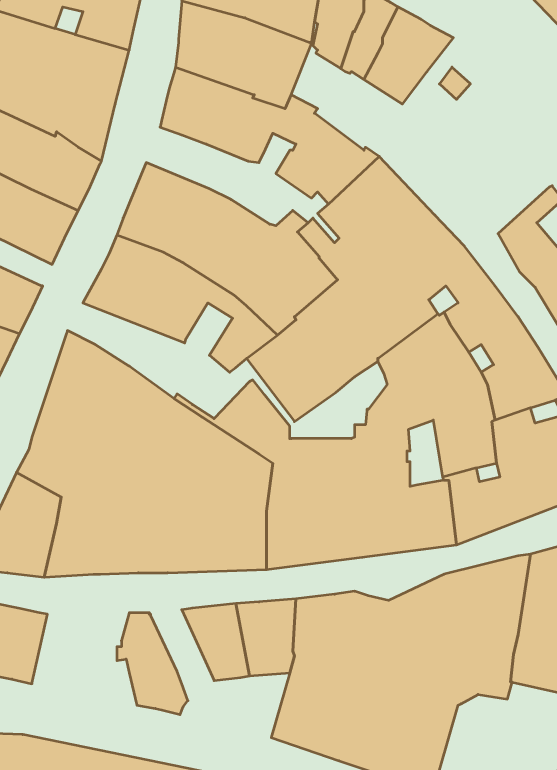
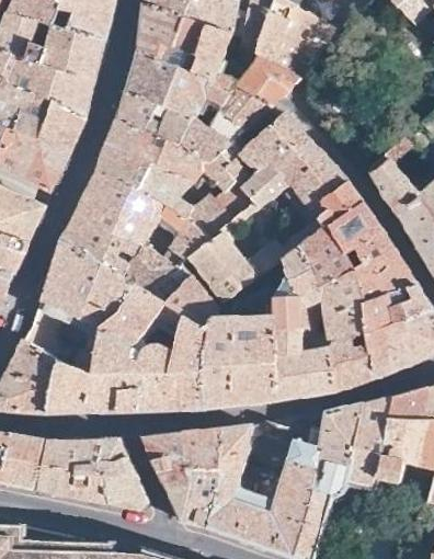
building: none -> [237,54,299,110]
building: none -> [117,93,247,163]
building: none -> [61,218,176,290]
building: none -> [36,438,111,504]
building: none -> [165,481,219,527]

